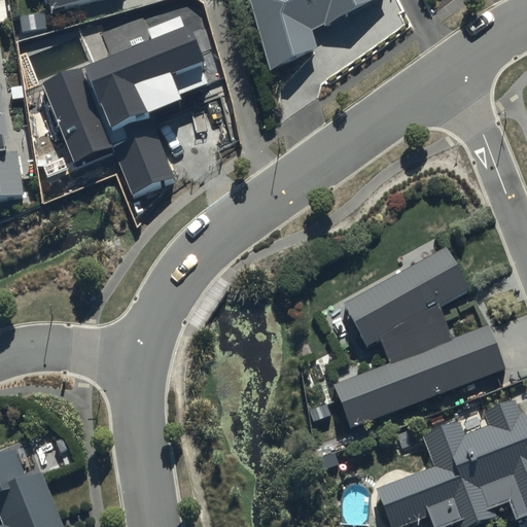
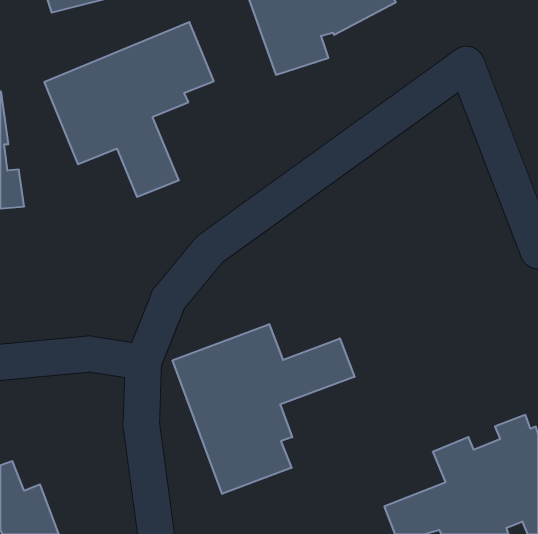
building: [333,242,508,426] -> none
building: none -> [173,324,355,494]

